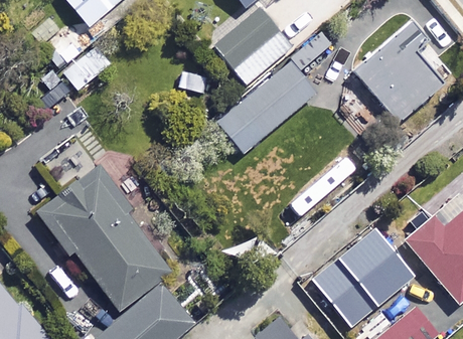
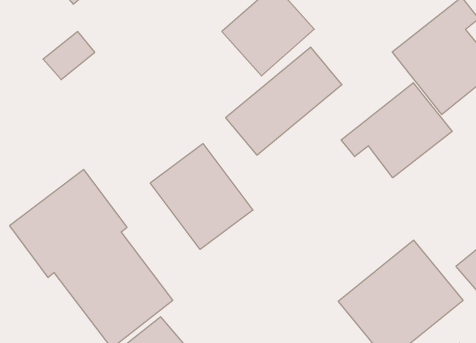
building: none -> [341,83,452,178]
building: none -> [150,144,253,249]

